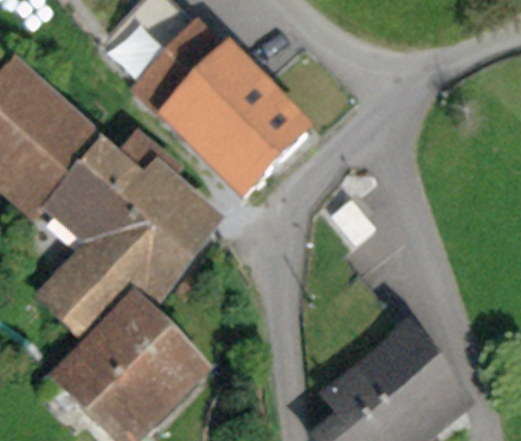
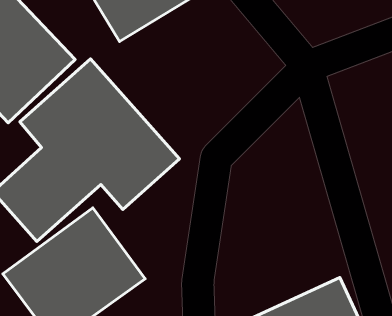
building: [167,52,319,202] -> none

